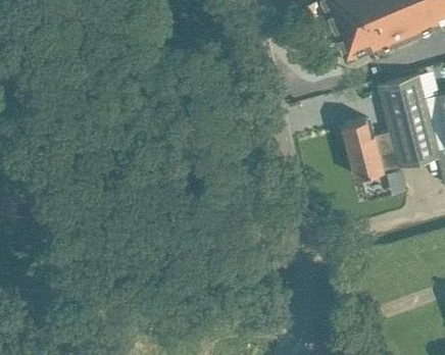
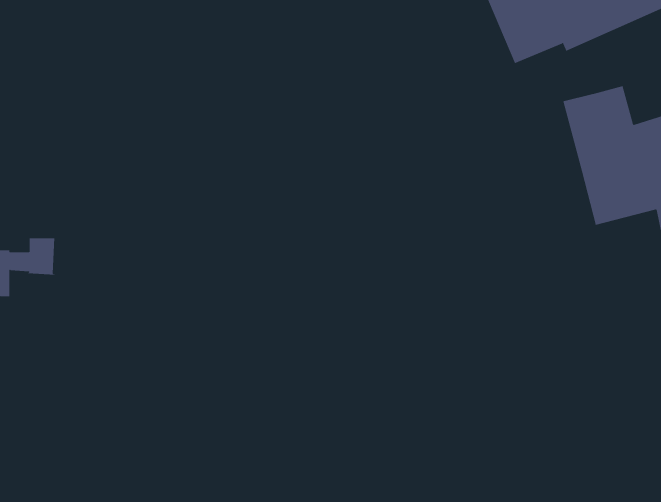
building: [340,118,400,176] -> none

